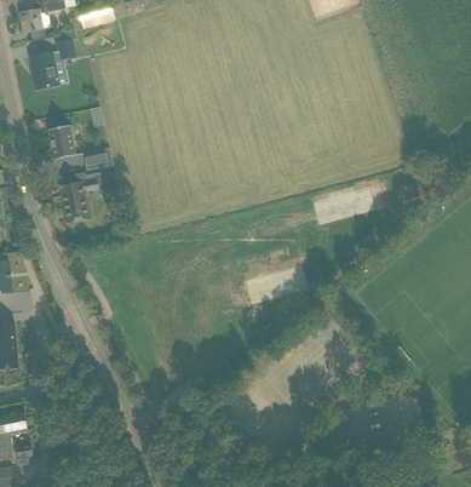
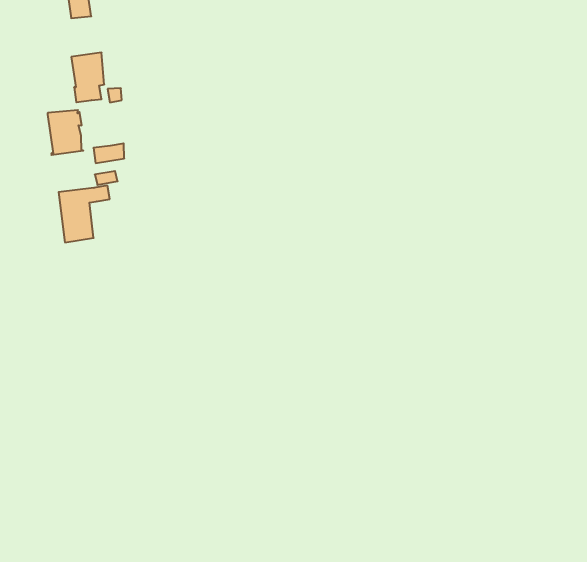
building: [29,51,54,88] -> [71,53,104,102]

